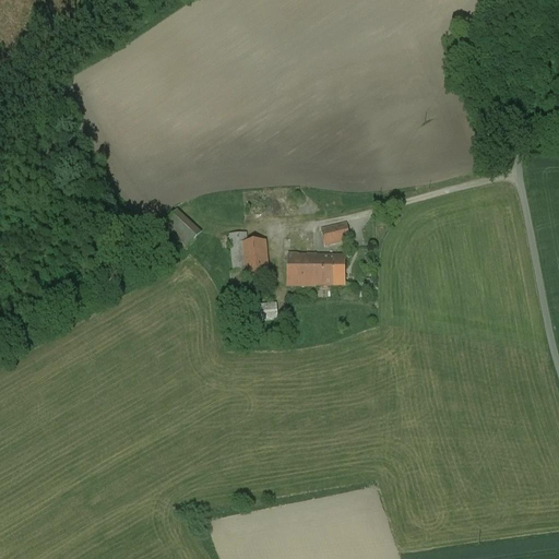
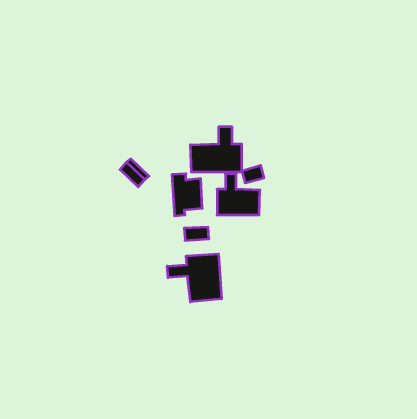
building: none -> [190,127,242,172]
building: none -> [167,254,221,302]

